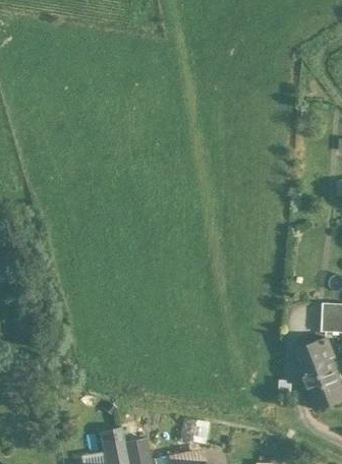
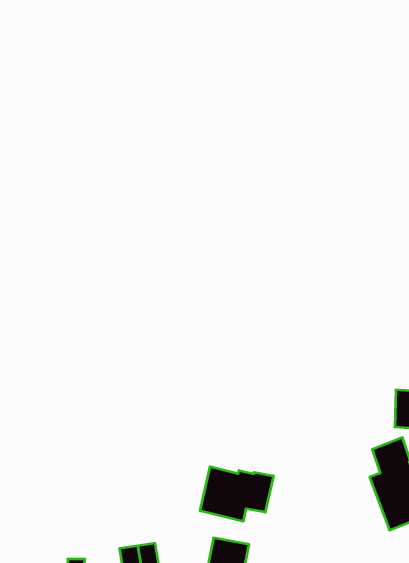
building: none -> [200,467,273,521]

